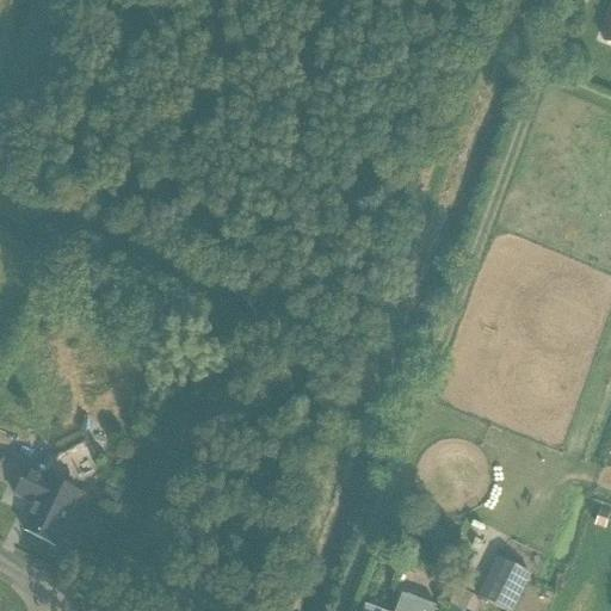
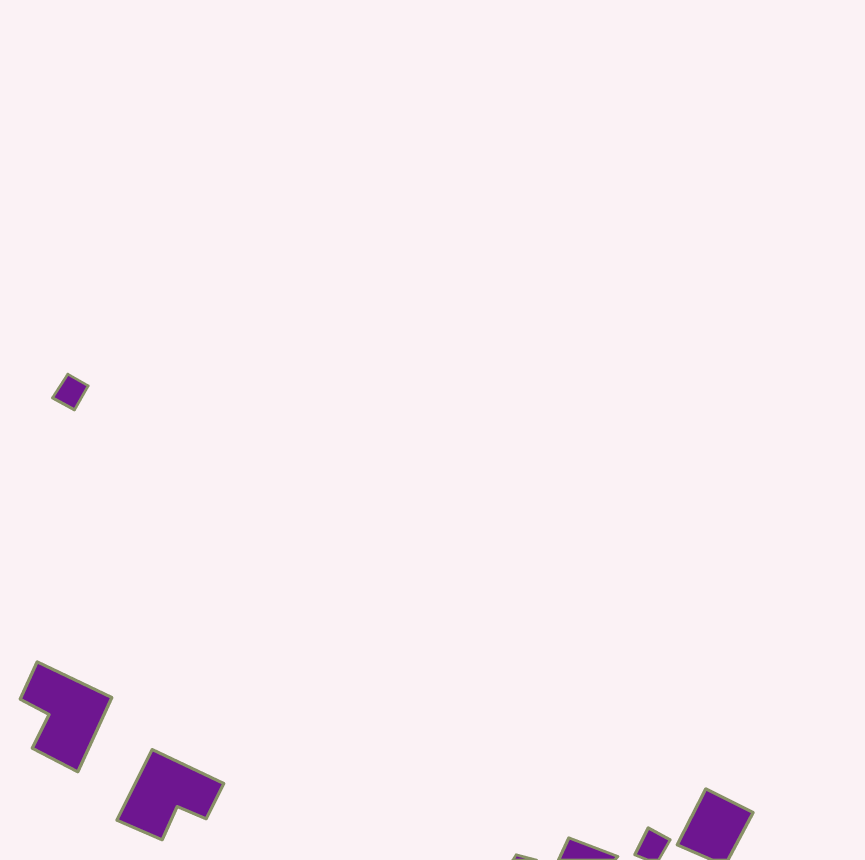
building: none -> [117,749,224,840]

